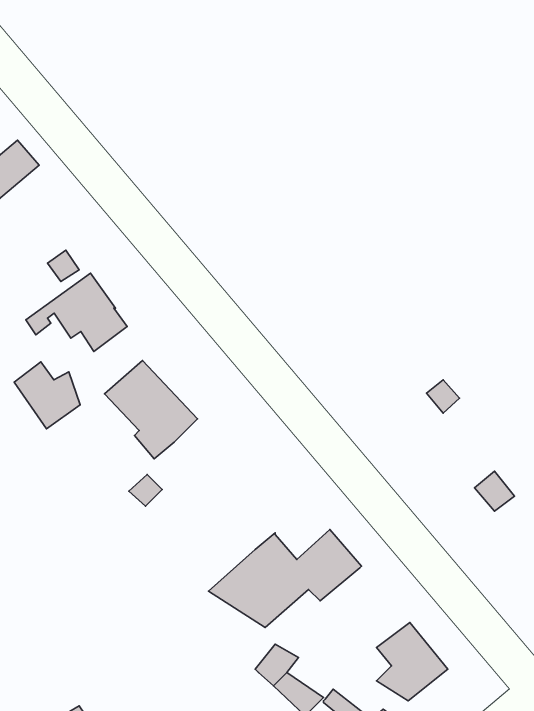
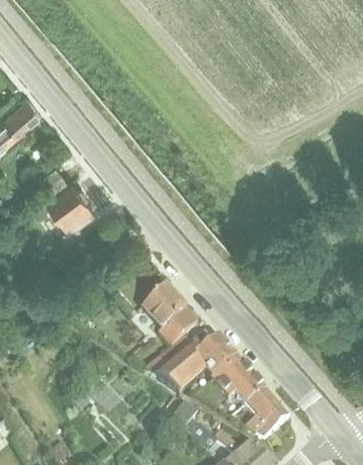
building: [104,361,197,459] -> [141,287,197,347]
building: [14,362,80,429] -> none
building: none -> [209,358,265,406]

